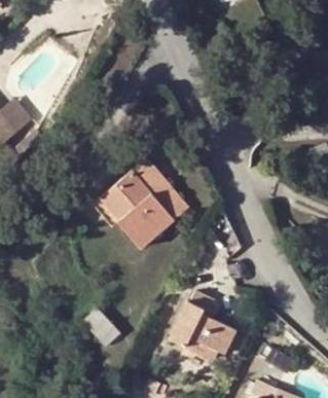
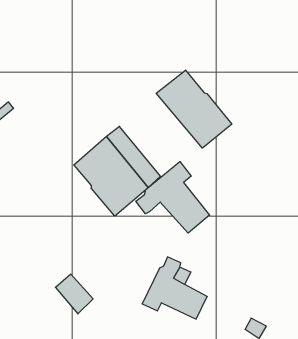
building: none -> [156,70,232,148]
building: none -> [136,162,210,233]

